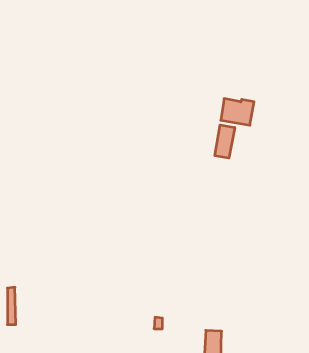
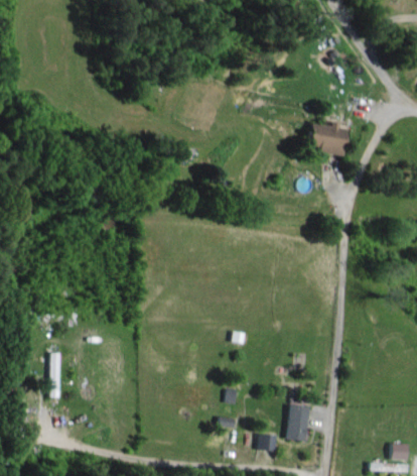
building: [215,125,235,158] -> none

